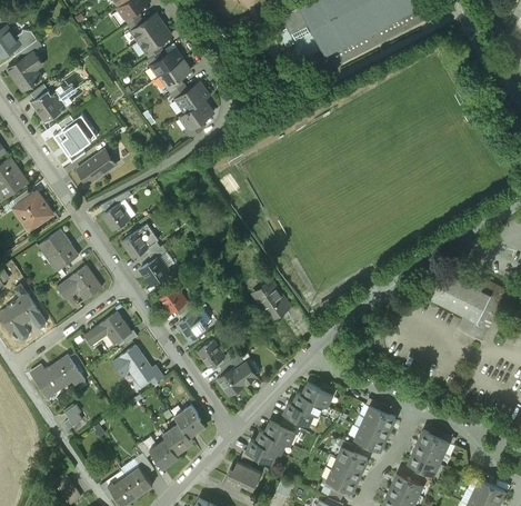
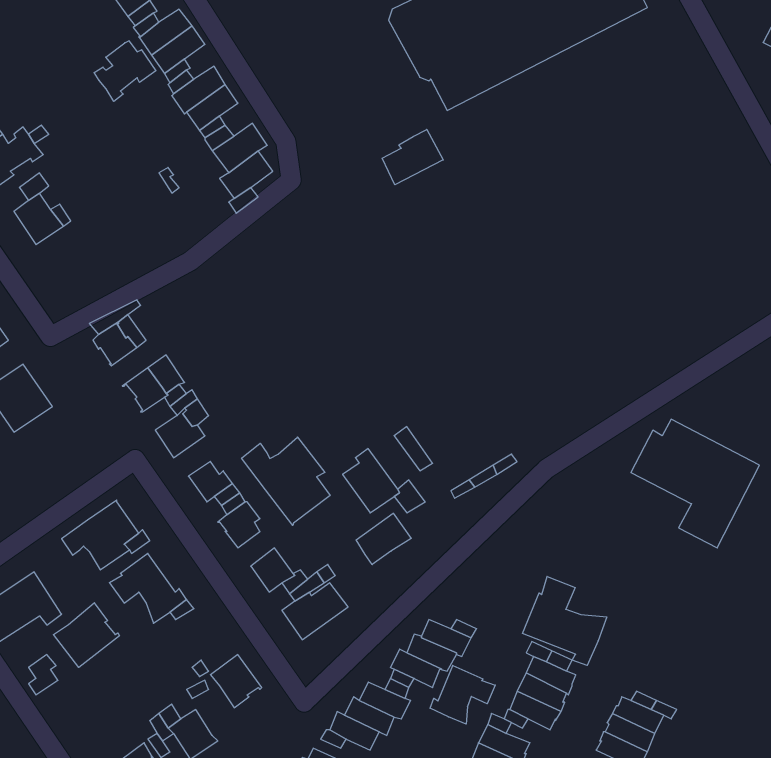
building: none -> [94,41,156,101]
building: none -> [382,129,443,185]
building: [78,150,116,185] -> none
building: [57,266,101,299] -> none
building: none -> [242,437,330,525]
building: none -> [356,513,411,565]
building: none -> [522,576,607,665]
building: none -> [53,603,119,667]
building: none -> [430,665,495,724]
building: [163,424,192,454] -> none

